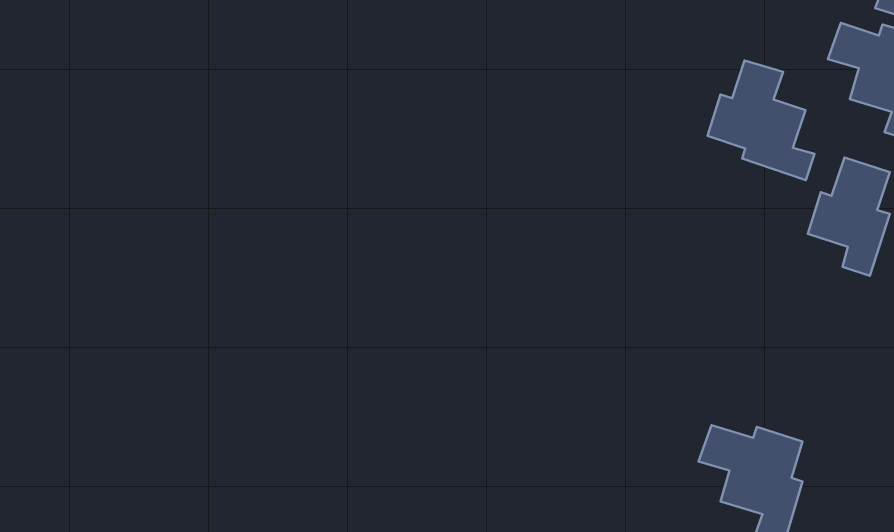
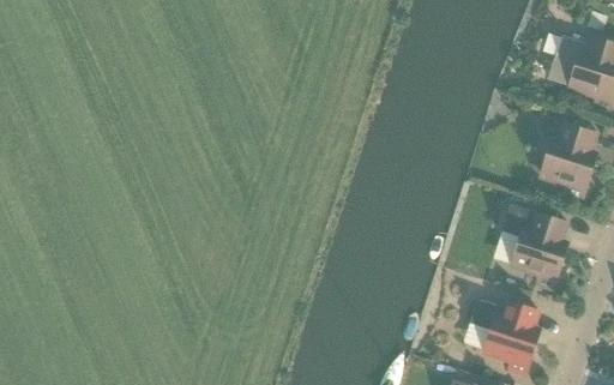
building: [708,60,814,180] -> none
building: none -> [502,205,567,293]

